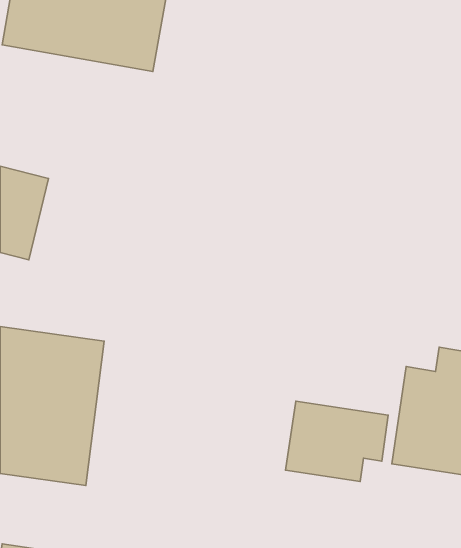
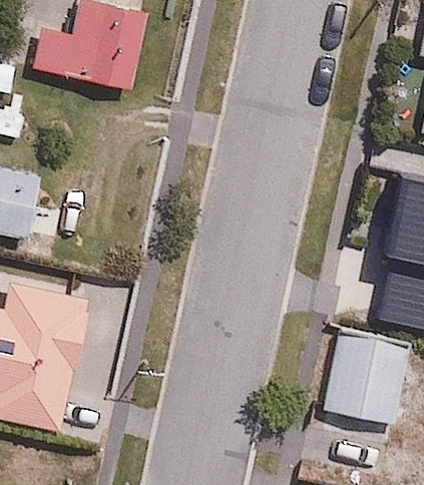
building: [286,401,388,482] -> none

